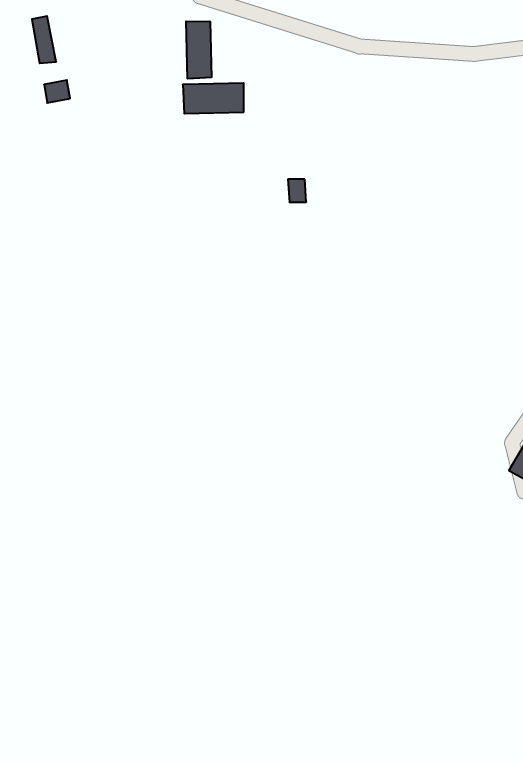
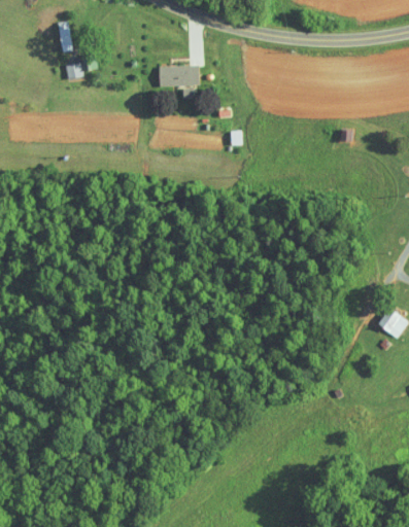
building: [186,21,211,79] -> none

